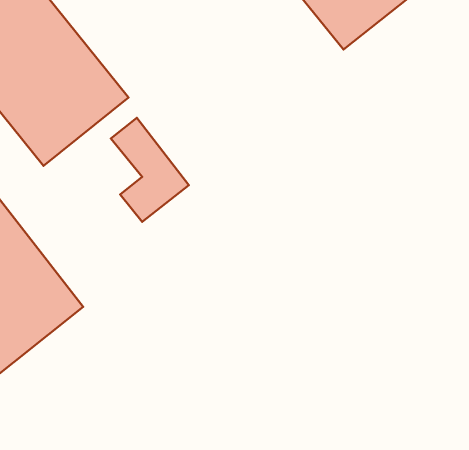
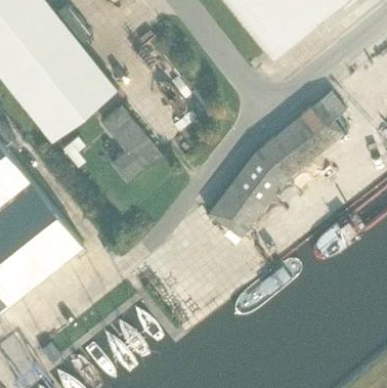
building: none -> [209,92,347,240]

